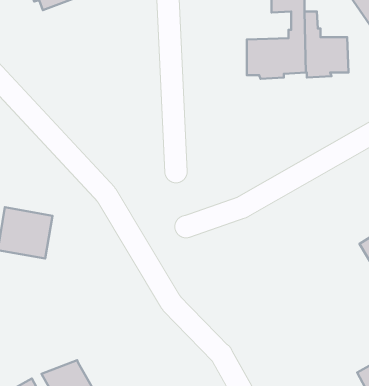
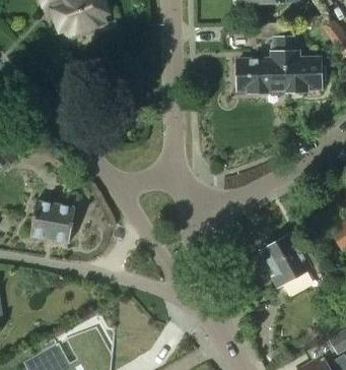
building: none -> [262,234,317,287]

